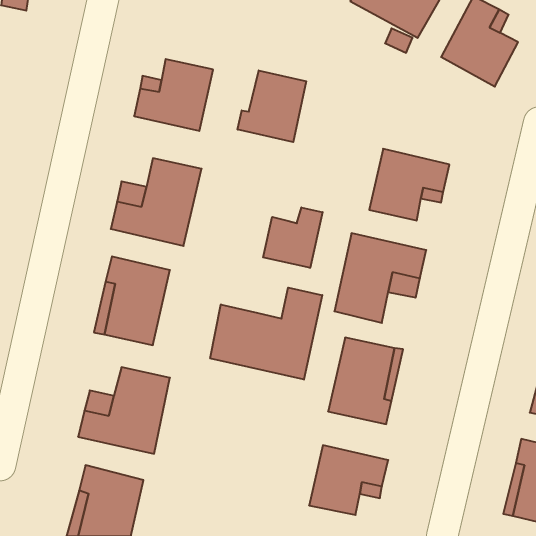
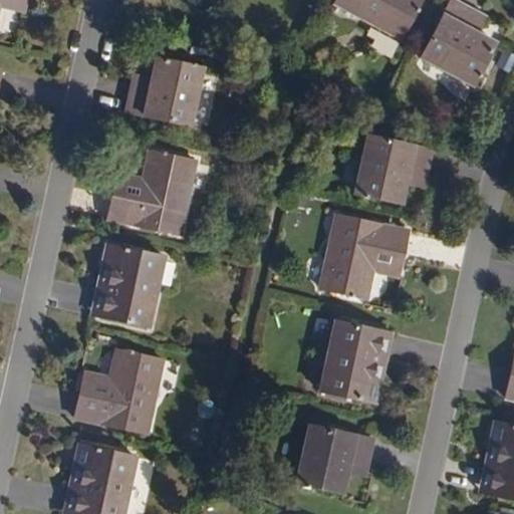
building: [238,70,306,142] -> none
building: [263,207,323,268] -> none
building: [210,288,322,380] -> none

